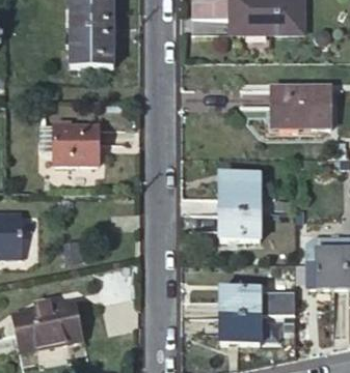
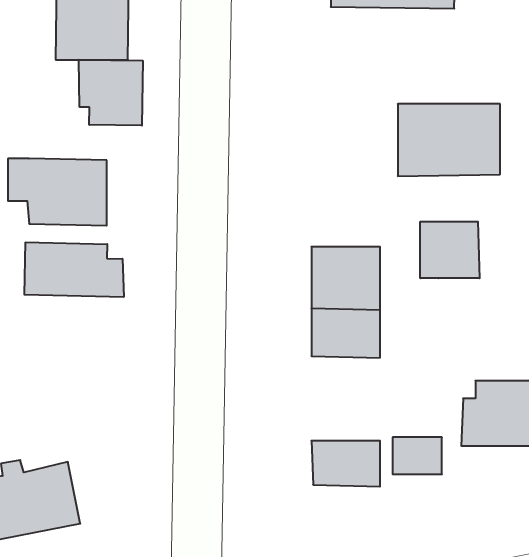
building: none -> [79,60,143,126]
building: none -> [420,222,480,278]
building: none -> [24,242,124,297]
building: [221,315,261,343] -> none

